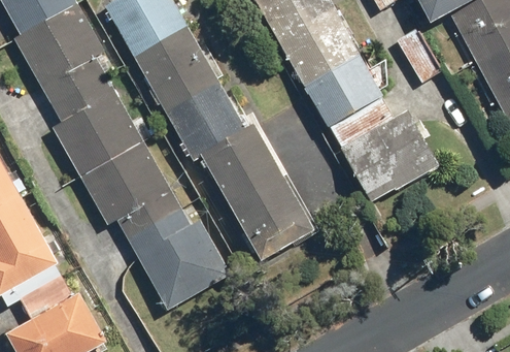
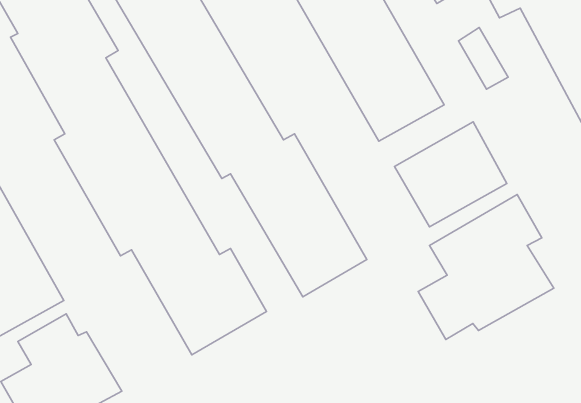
building: none -> [418,195,554,339]

